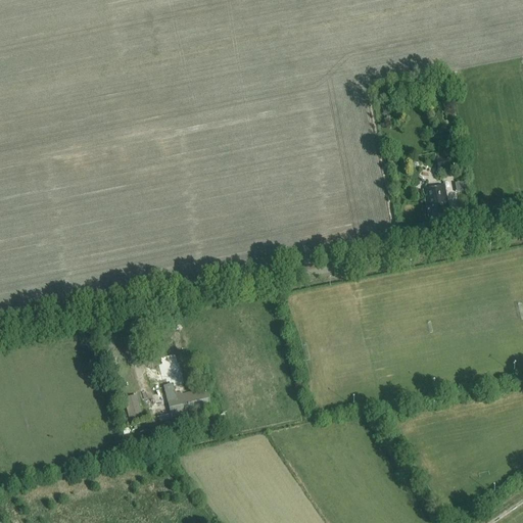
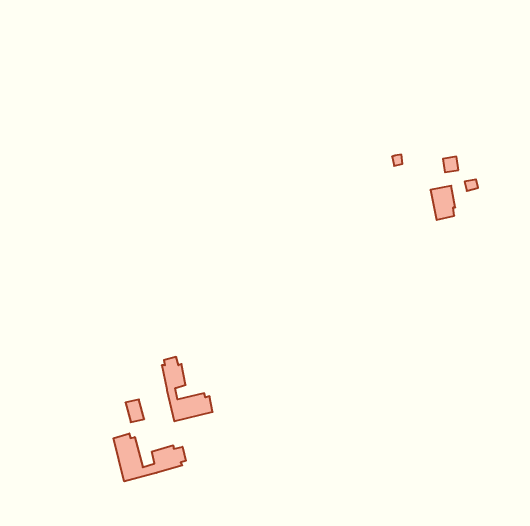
building: none -> [113,433,186,481]

